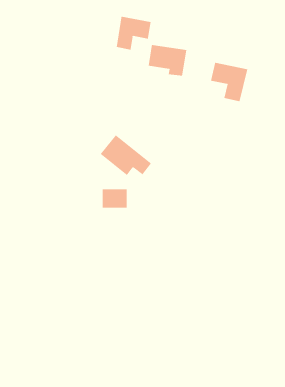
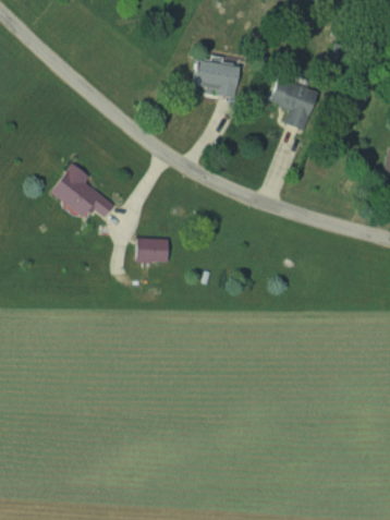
building: [116,16,151,50] -> none
building: [100,135,152,176] -> [49,167,113,218]

